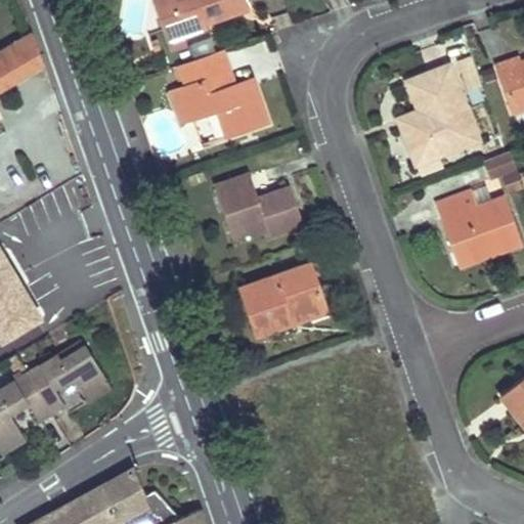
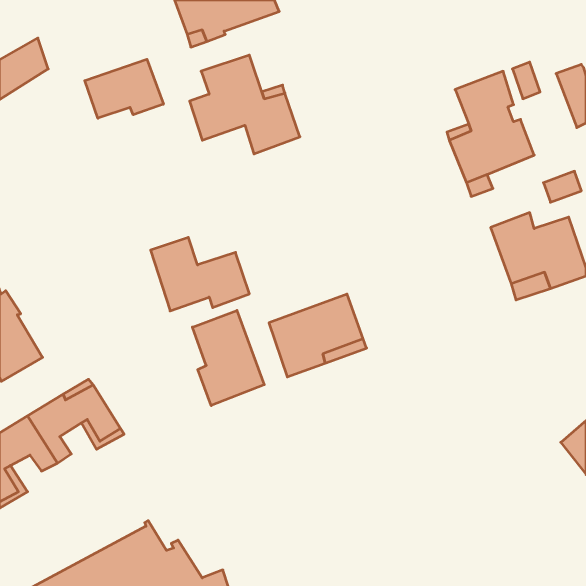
building: none -> [85,59,163,118]
building: [214,173,302,238] -> [151,237,249,311]
building: none -> [192,310,264,406]

